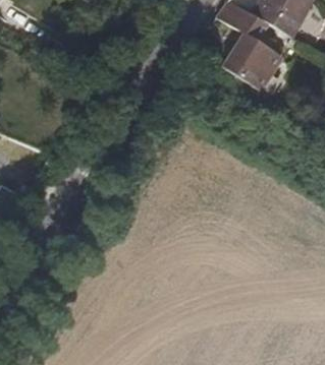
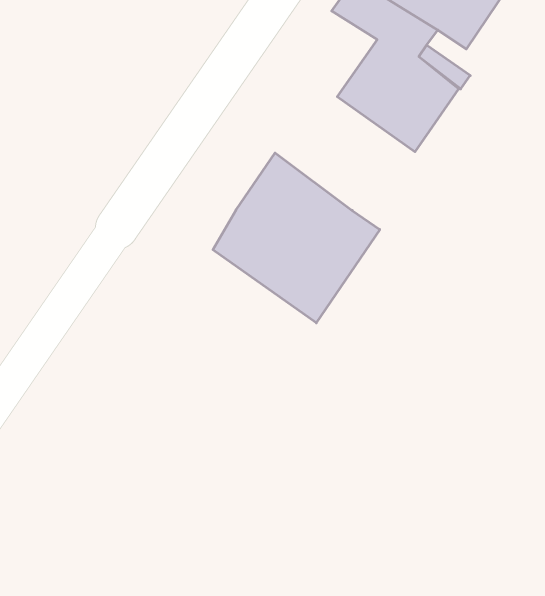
building: none -> [213,153,380,323]

